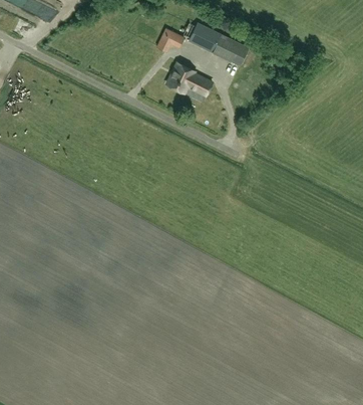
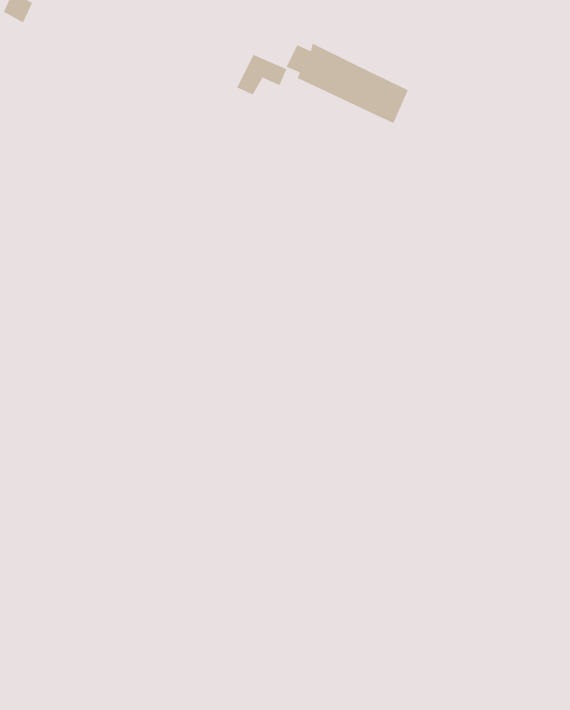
building: [168,64,212,95] -> none

